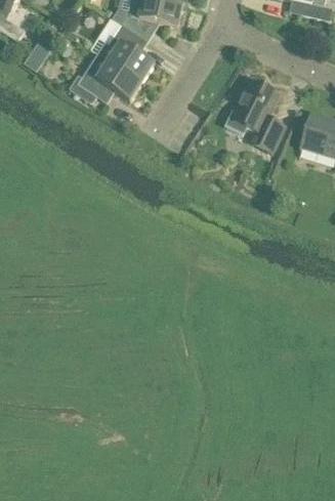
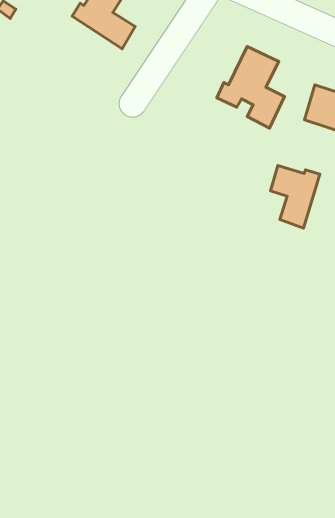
building: [77,52,142,99] -> none
building: none -> [270,166,320,228]

